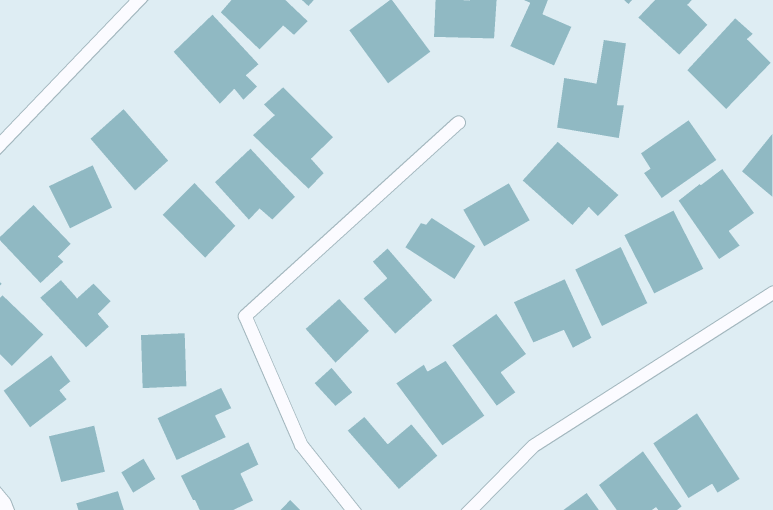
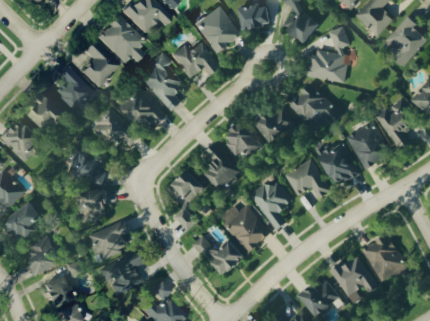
building: none -> [79,41,119,87]
building: none -> [171,42,220,79]
building: [640,119,718,199] -> none
building: [39,279,112,348] -> [68,151,108,189]

